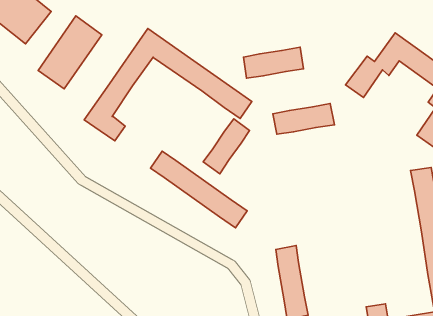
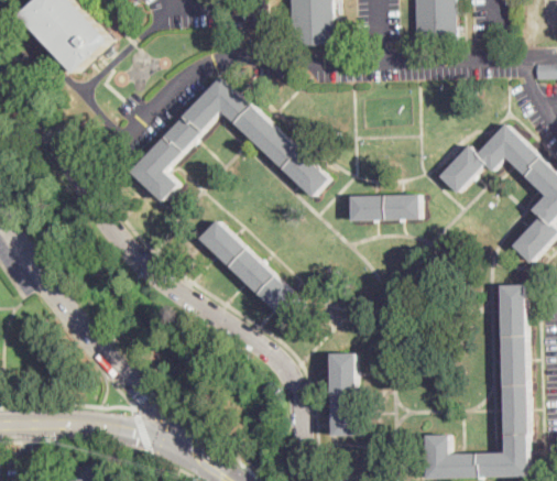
building: [38,16,102,89] -> none
building: [243,47,303,78] -> none
building: [203,119,250,174] -> none

